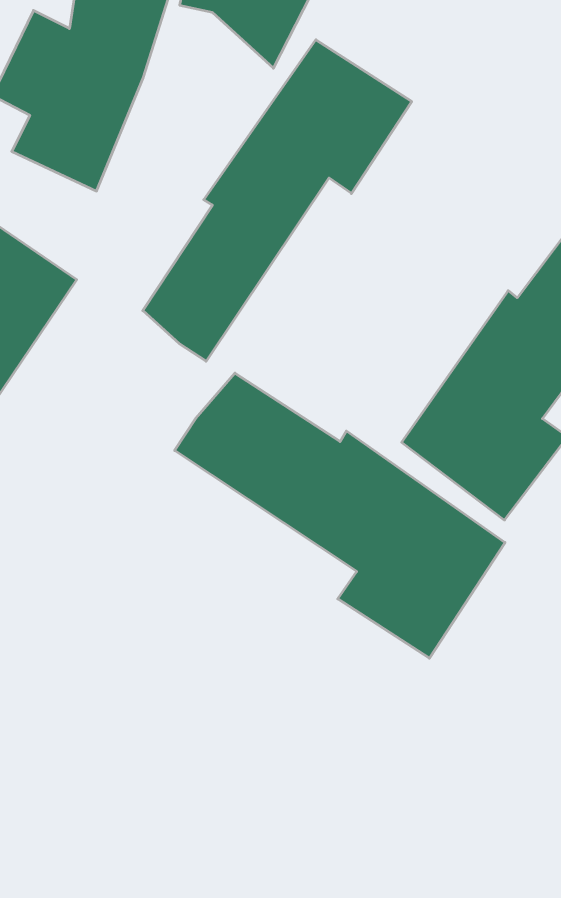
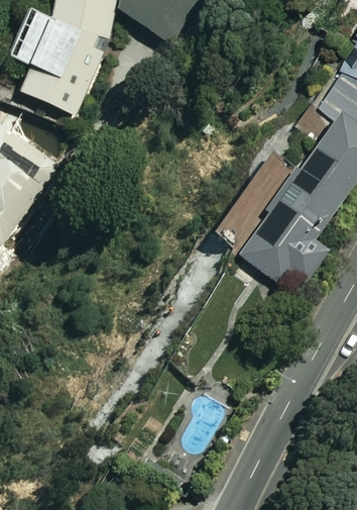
building: [143,40,412,361] -> none
building: [175,373,505,658] -> none

